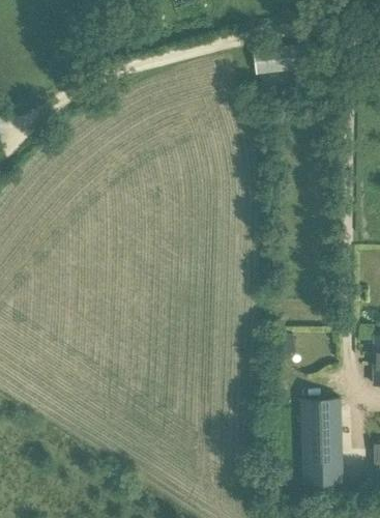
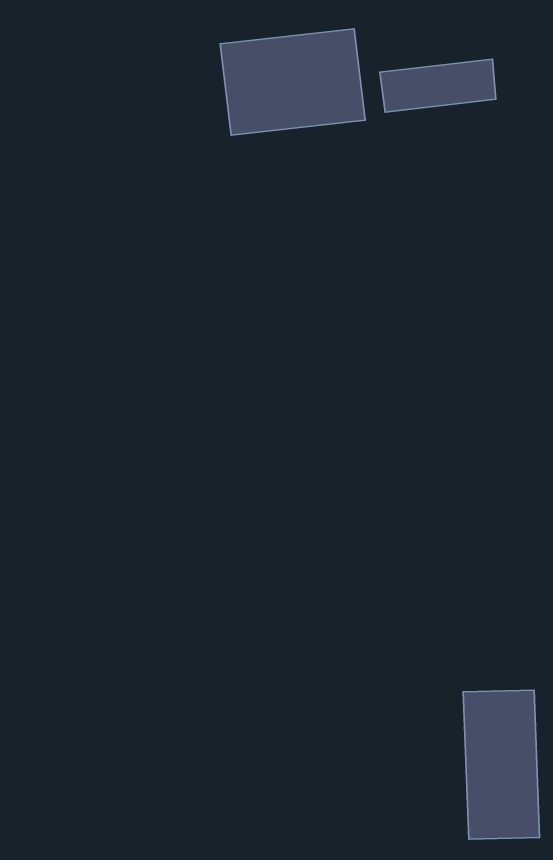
building: none -> [220,29,365,135]

